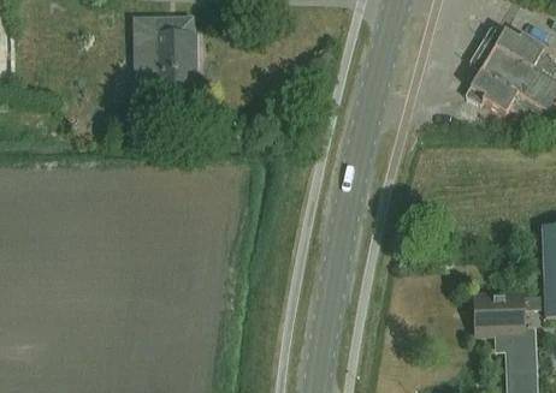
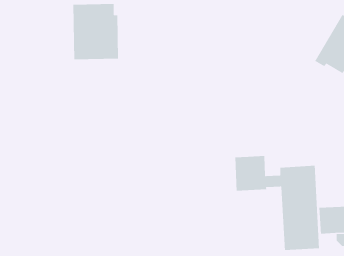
building: none -> [234,155,320,251]

